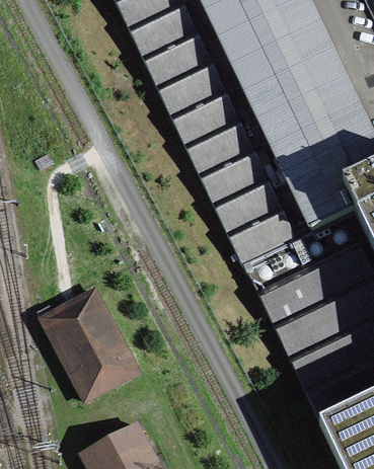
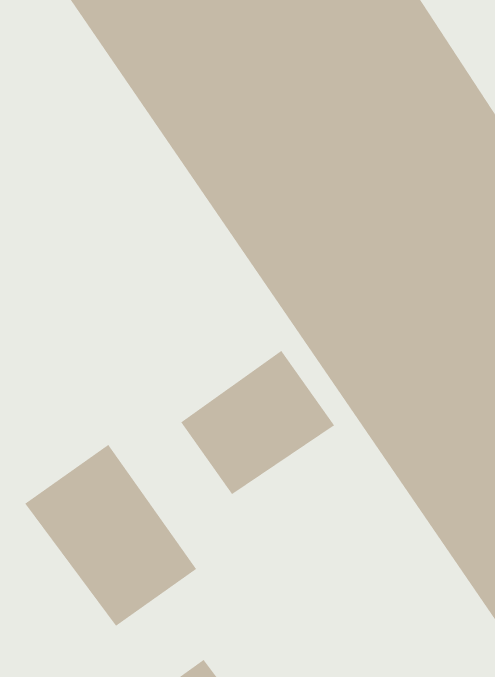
building: none -> [180,350,335,495]

